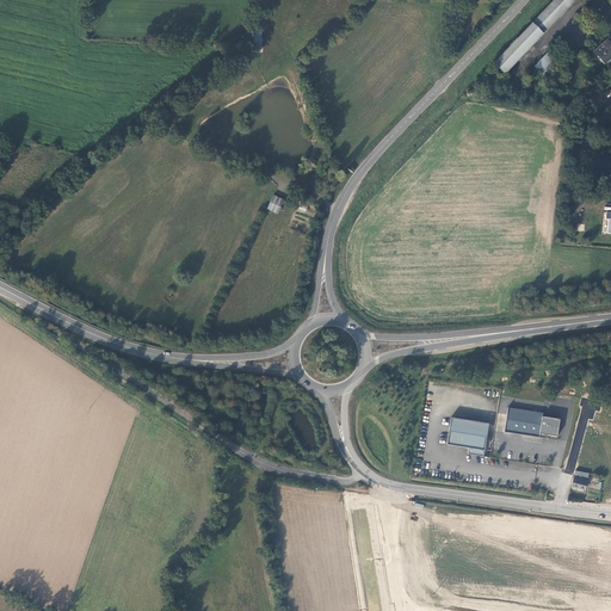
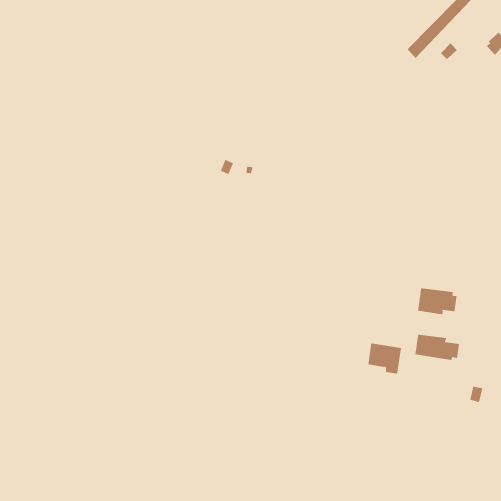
building: none -> [418,288,457,315]

